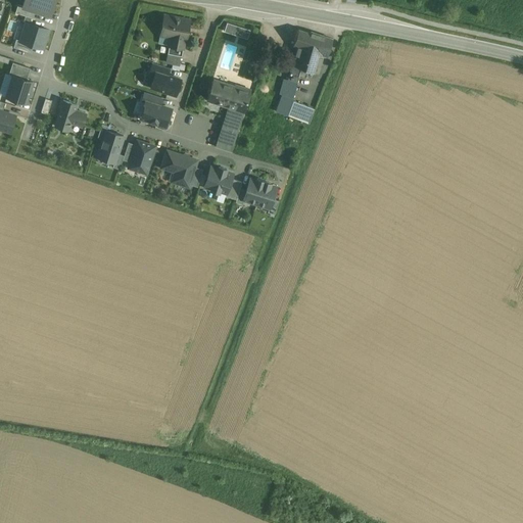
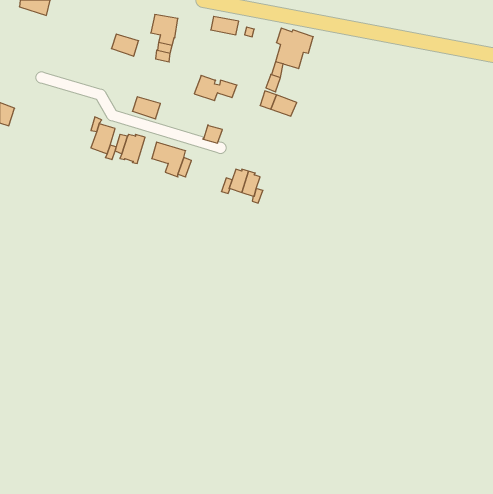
building: [17,21,50,50] -> none
building: [150,72,179,95] -> [111,34,139,56]
building: [4,75,32,104] -> none
building: [221,98,245,137] -> none
building: [54,100,85,130] -> none
building: [202,164,234,194] -> none

